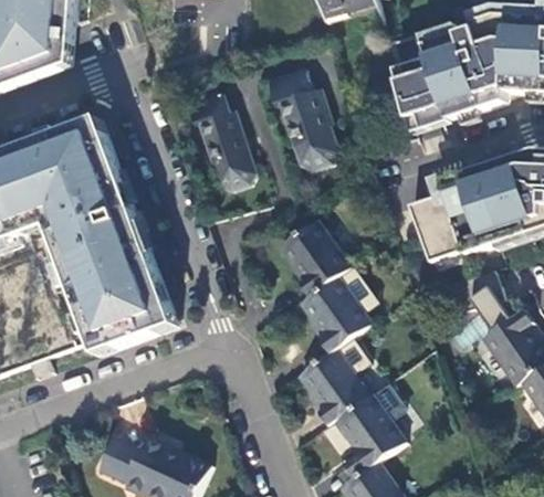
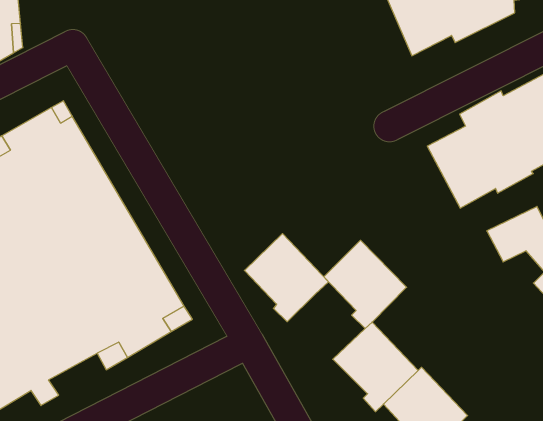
building: [264,64,335,166] -> none
building: [185,87,251,187] -> none
building: [280,216,351,293] -> [244,234,329,322]

